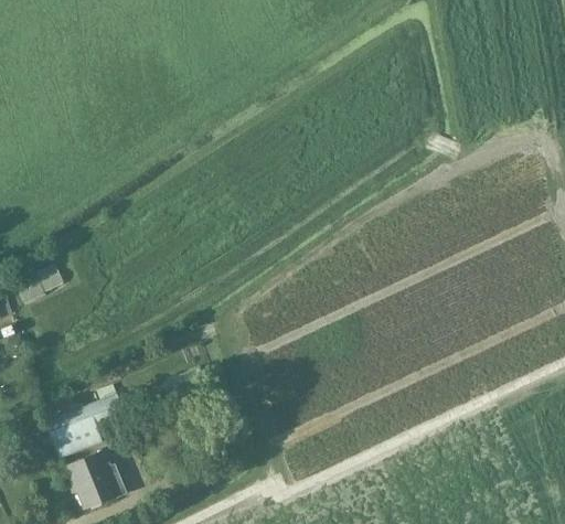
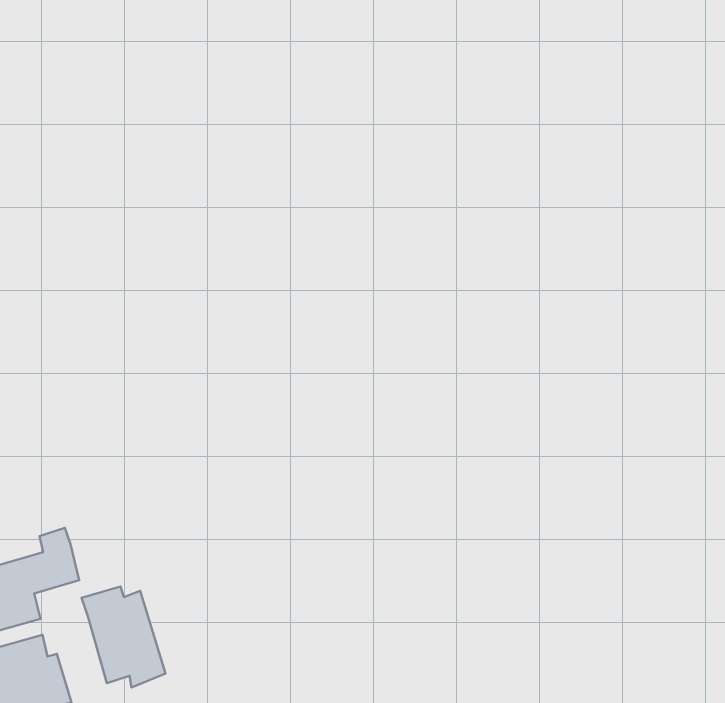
building: none -> [82,587,165,688]

